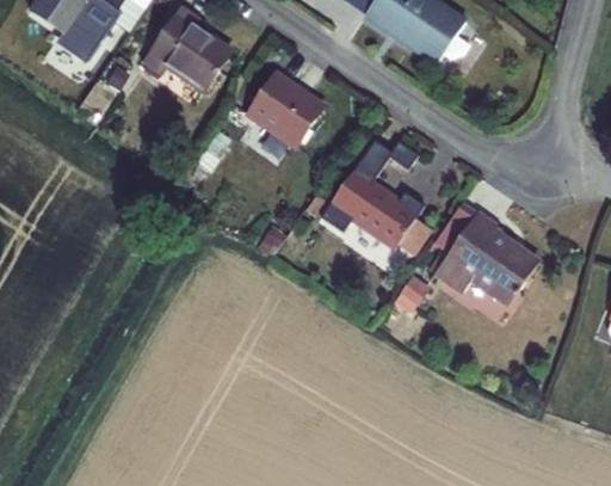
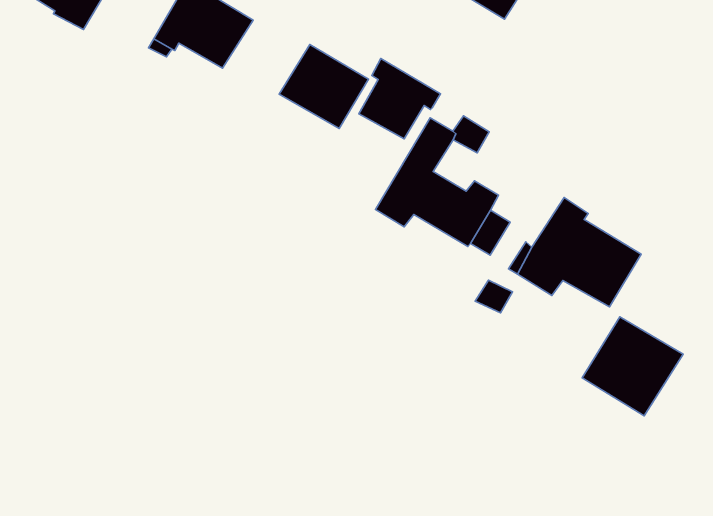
building: none -> [359,58,440,139]
building: none -> [582,317,683,416]

